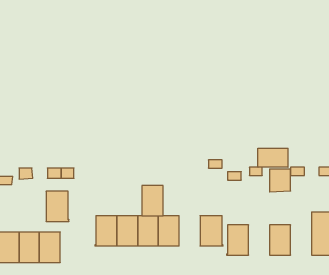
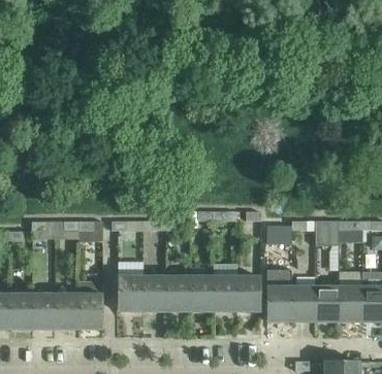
building: [258,148,288,167] -> none
building: [142,186,163,216] -> [212,275,235,309]
building: [46,191,69,221] -> [77,294,103,328]
building: none -> [290,285,314,319]
building: none -> [338,285,361,319]

